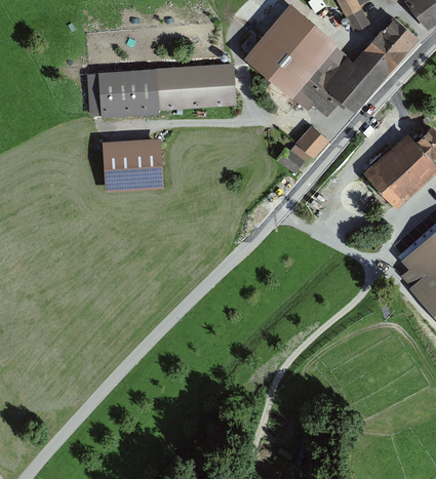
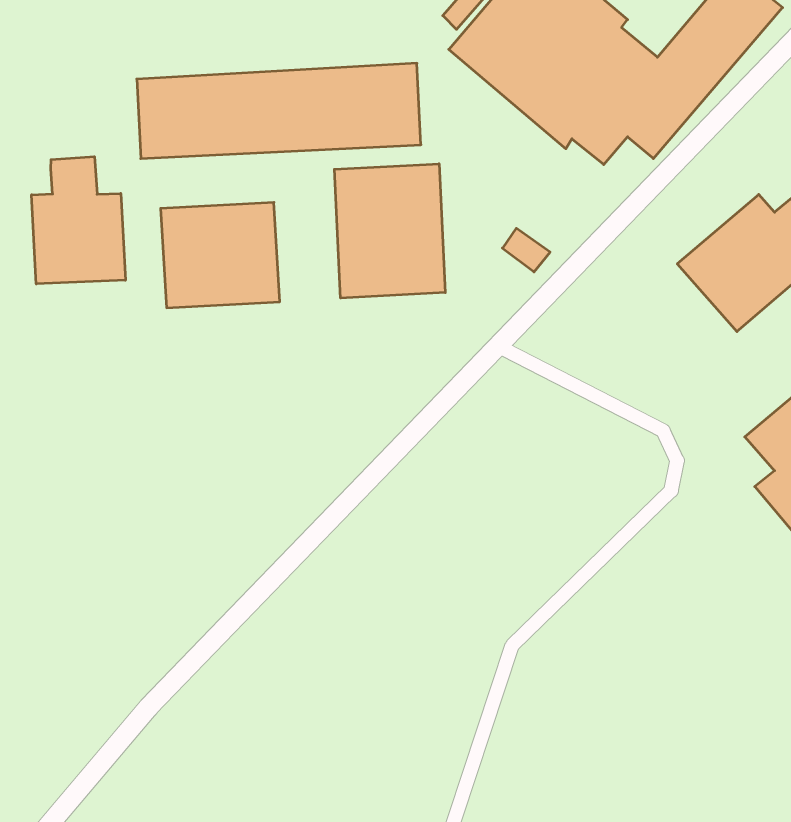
building: none -> [32,157,125,284]
building: none -> [334,164,445,298]
building: [294,127,326,159] -> none

